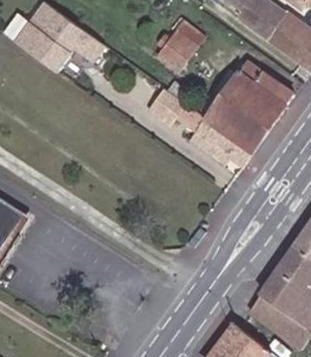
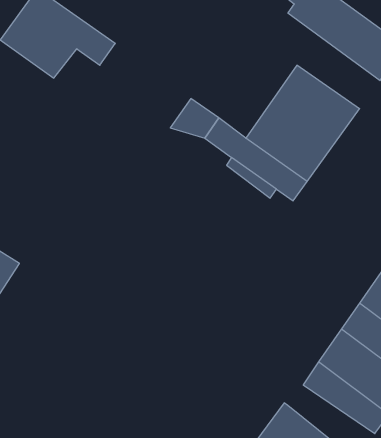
building: [156,19,206,72] -> none

